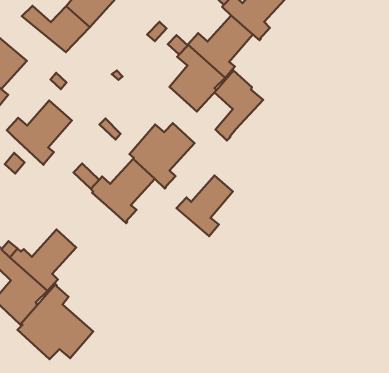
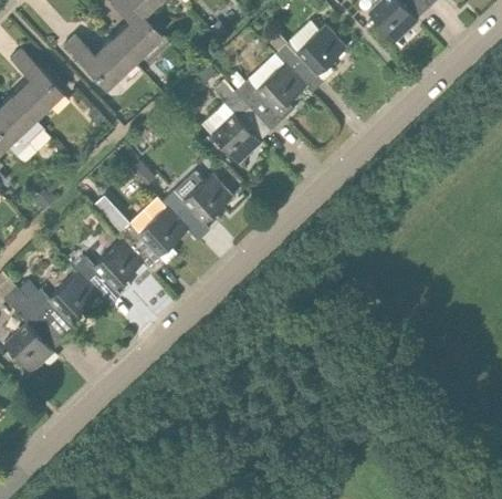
building: [215,71,263,140] -> none
building: [7,100,72,165] -> [73,238,143,305]
building: [177,175,233,236] -> none
building: [18,284,93,359] -> none

